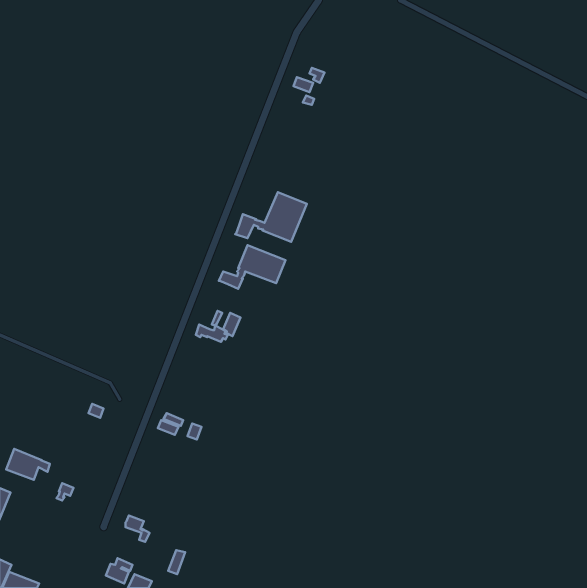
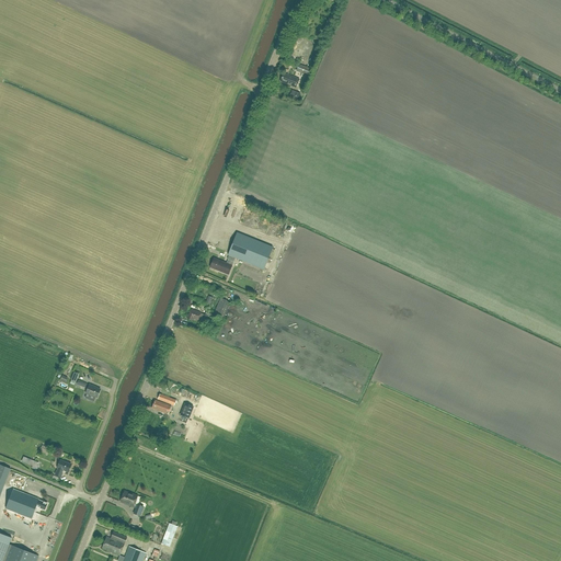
building: [235,192,307,242] -> none
building: [6,449,50,480] -> [4,489,46,518]

